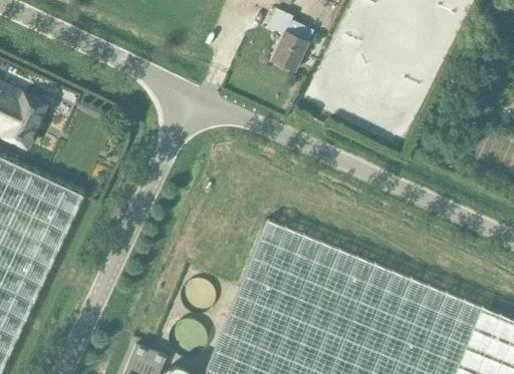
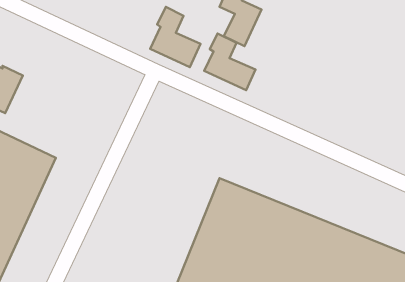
building: none -> [150,7,200,67]
building: none -> [204,33,255,90]

